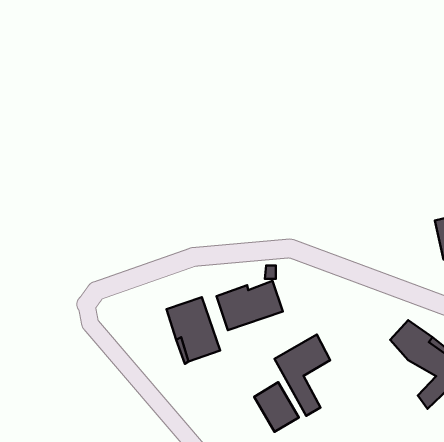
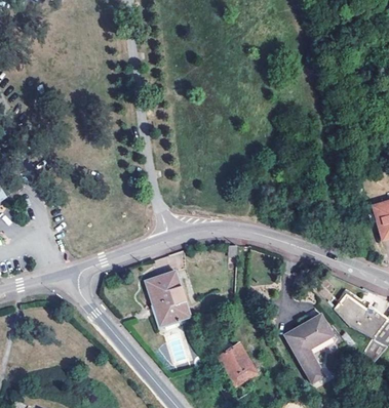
building: [217,281,283,330] -> none
building: [274,335,330,416] -> [285,315,333,383]

